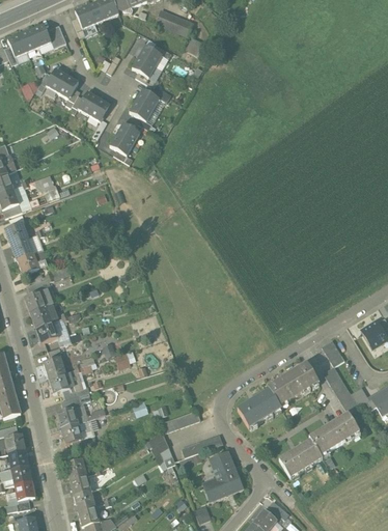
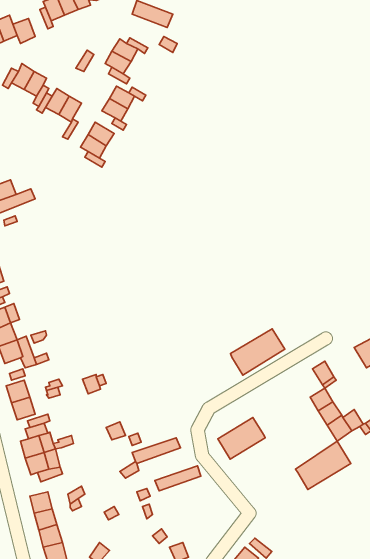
building: [268,365,317,408] -> [231,329,285,375]
building: [278,442,321,479] -> none
building: [202,454,240,501] -> none

